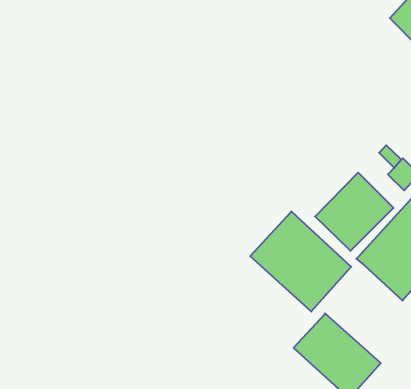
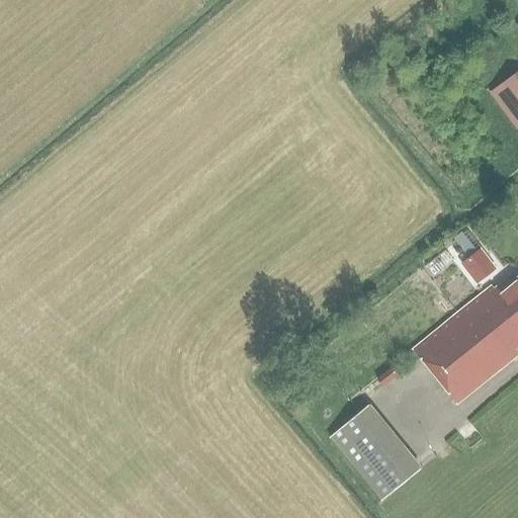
building: [315,173,393,251] -> none
building: [250,211,351,312] -> none

